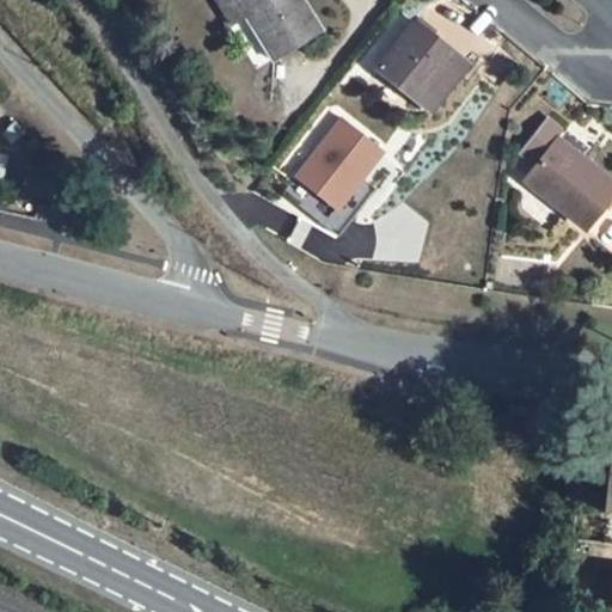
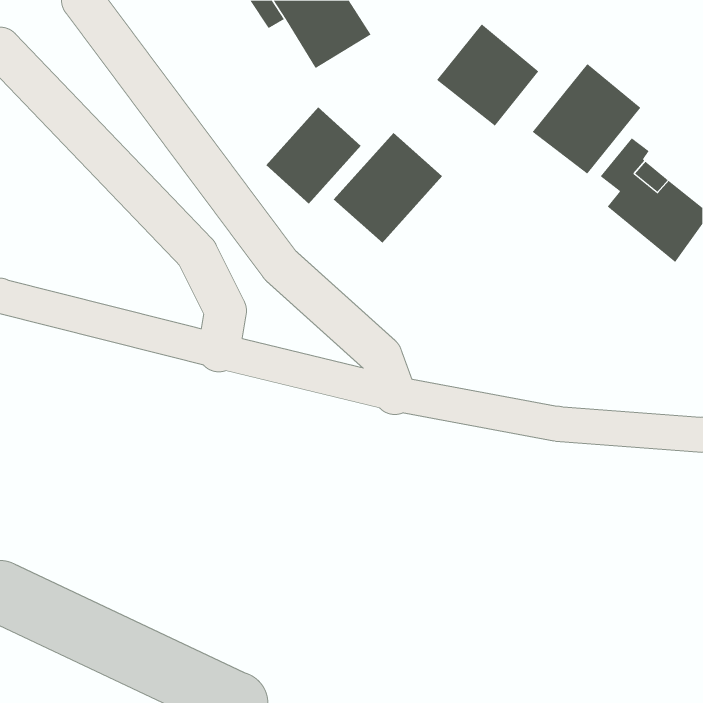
building: none -> [532,63,641,174]
building: none -> [265,106,362,204]

